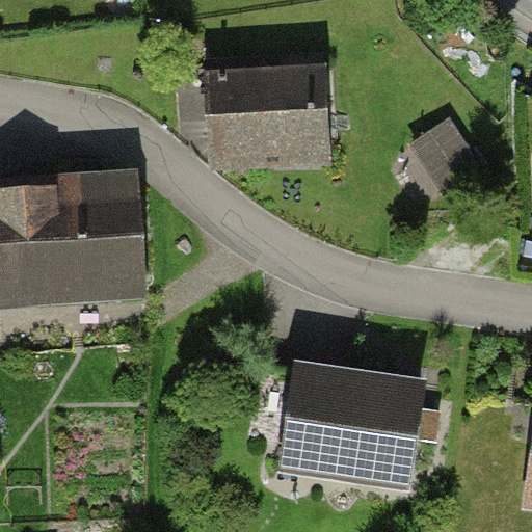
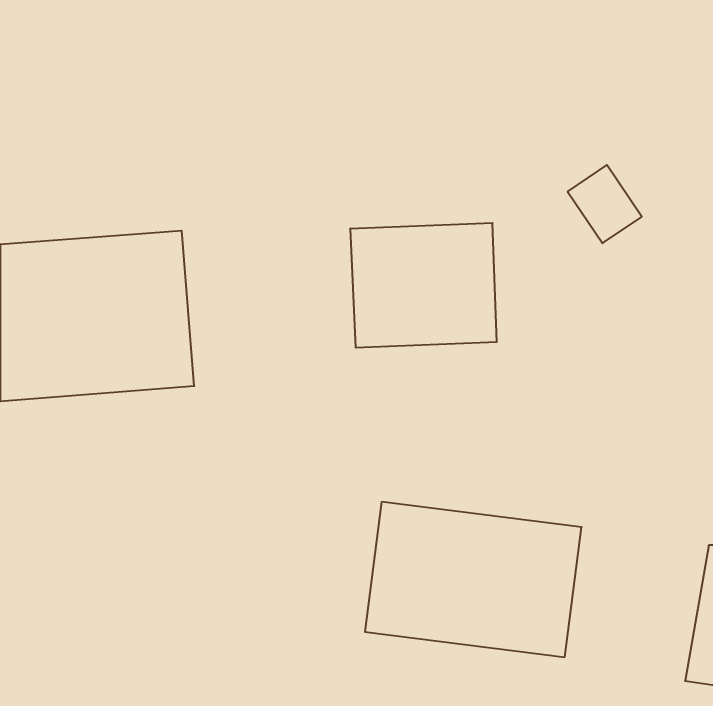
building: [215,72,324,164] -> [350,223,497,348]

